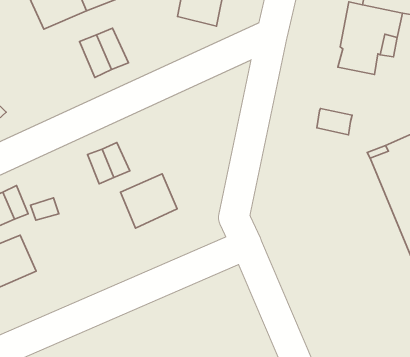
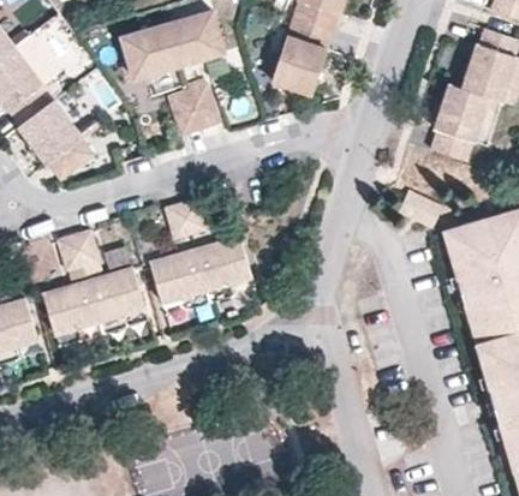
building: none -> [151,250,205,301]
building: none -> [88,268,144,319]

